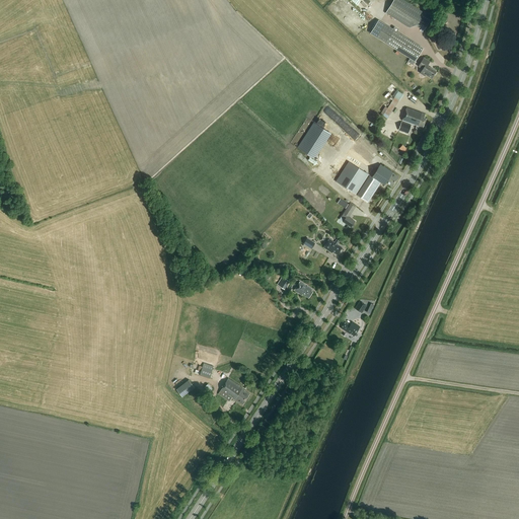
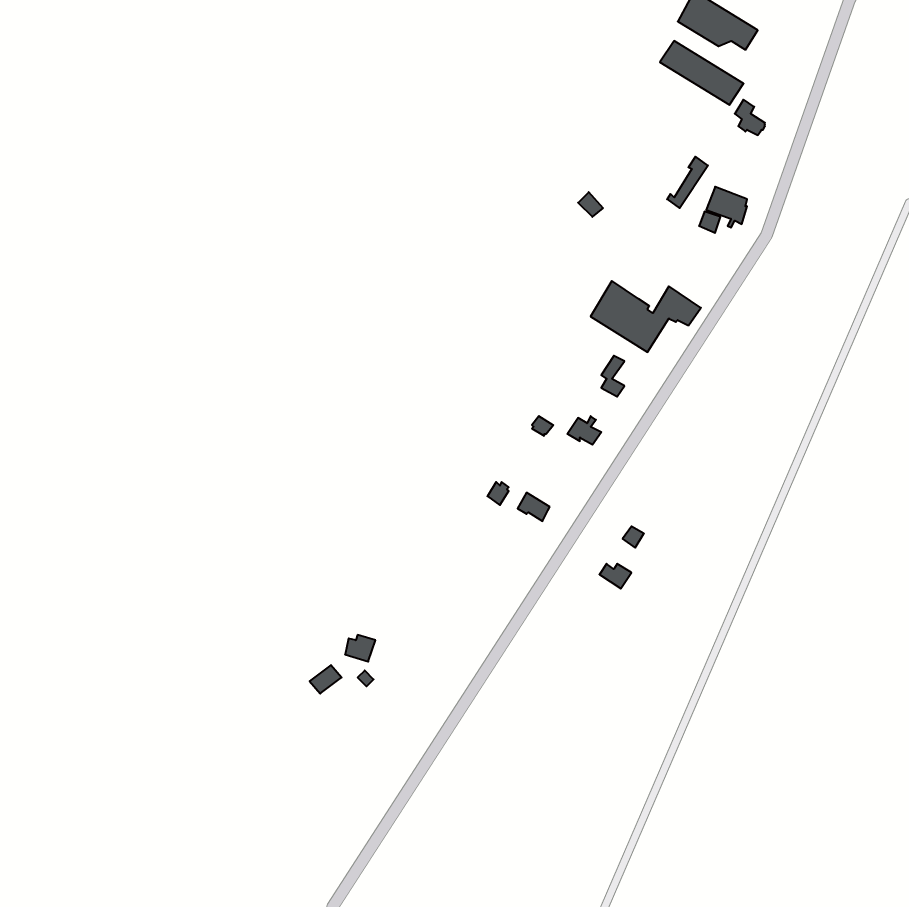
building: [297,121,331,158] -> none
building: [219,378,250,404] -> none

